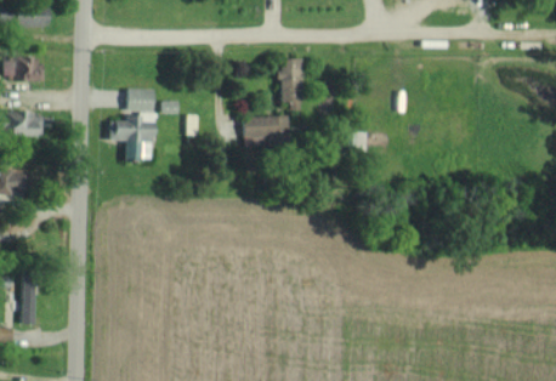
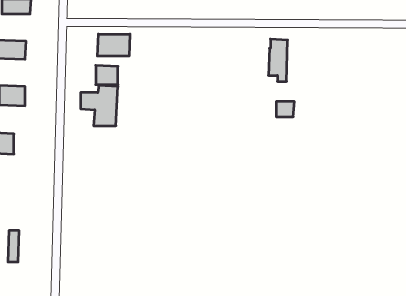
building: none -> [97,34,130,56]
building: [279,58,302,109] -> [268,39,288,81]
building: [244,115,290,144] -> none

